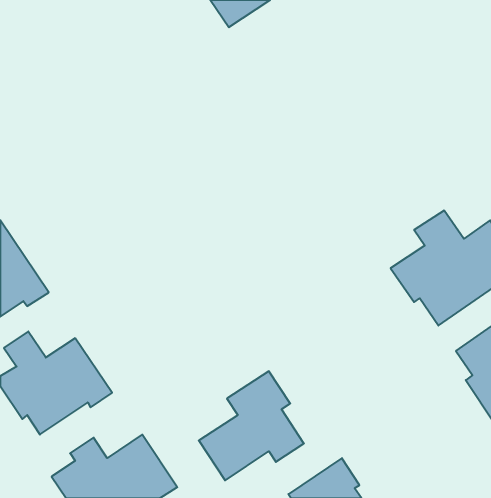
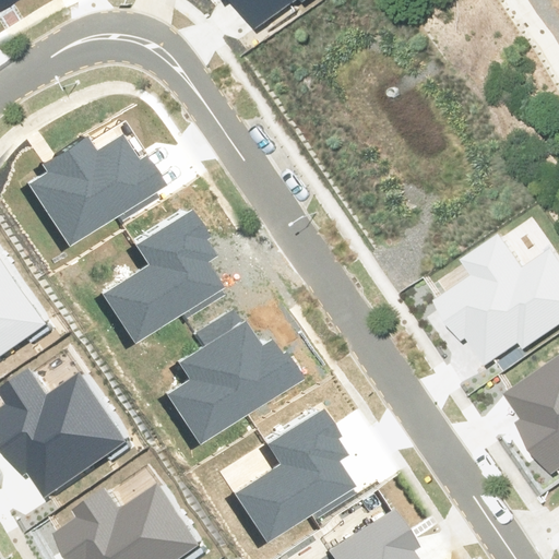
building: none -> [25,139,159,243]
building: none -> [97,214,217,341]
building: none -> [166,324,288,440]

